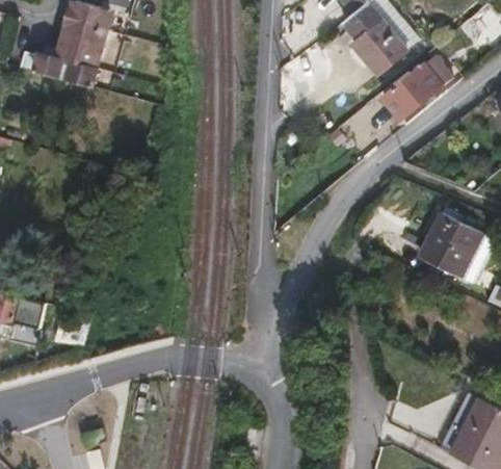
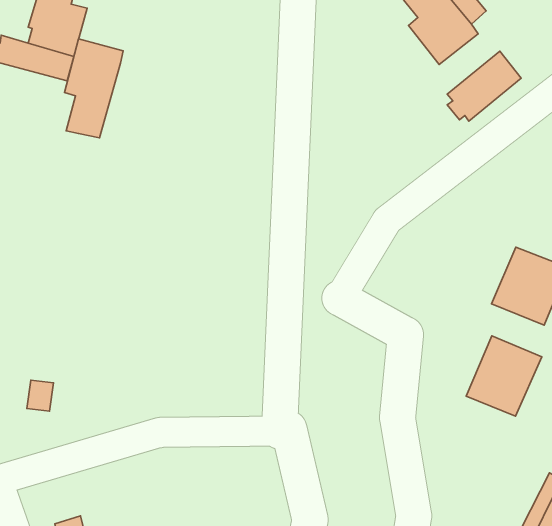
building: none -> [65,39,123,138]
building: none -> [466,336,542,416]

